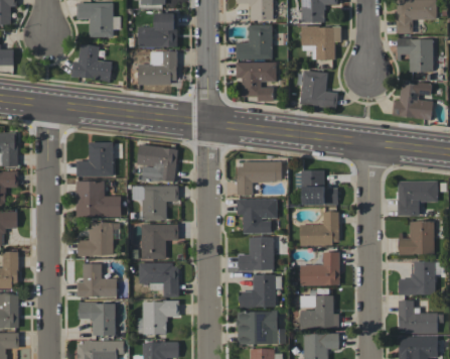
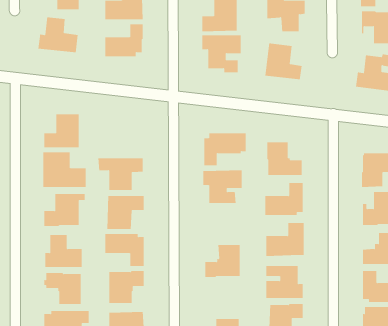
building: [138,145,178,183] -> none
building: [240,237,274,271] -> none
building: [237,311,279,345] -> none

